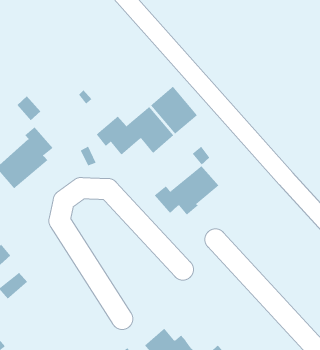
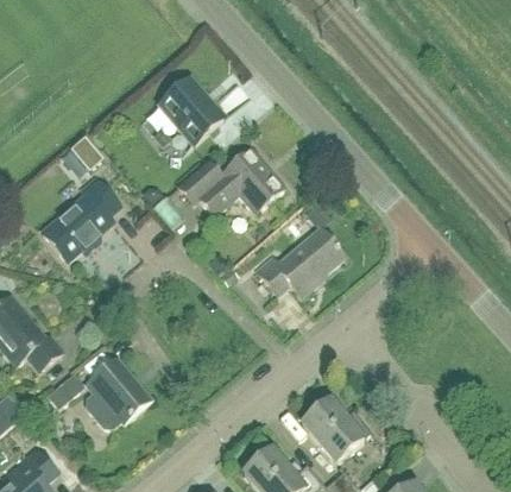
building: [150,86,198,134] -> [158,80,222,145]
building: none -> [88,358,151,425]
building: none -> [299,399,371,463]

